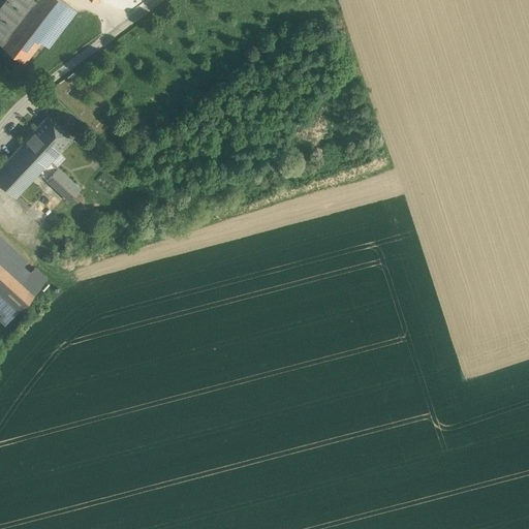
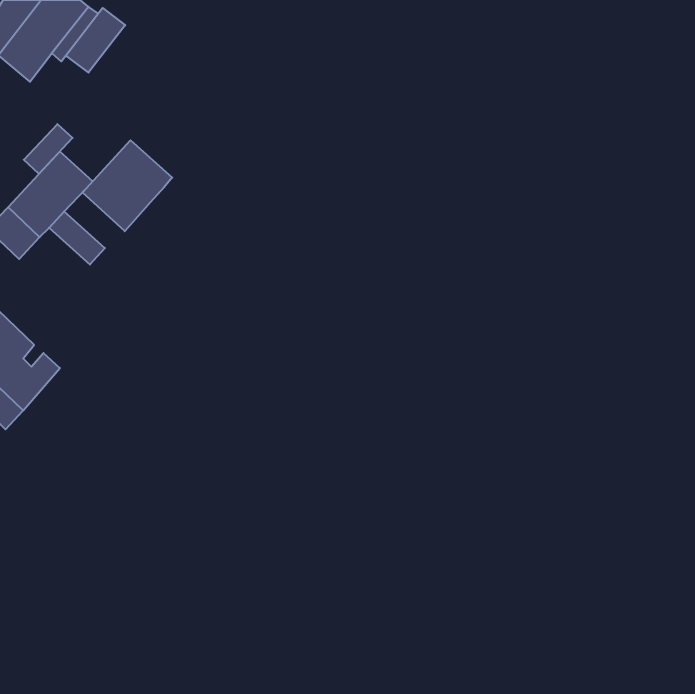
building: none -> [66,8,125,73]
building: none -> [24,124,73,174]
building: none -> [82,140,172,231]

